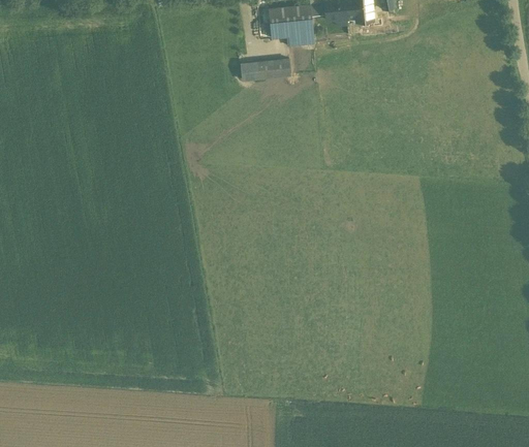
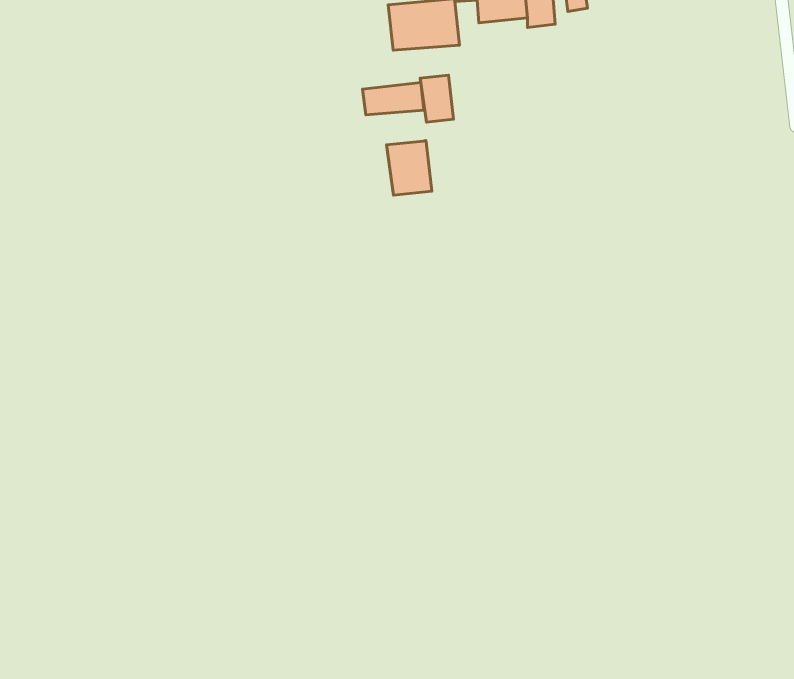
building: none -> [420,75,453,122]
building: none -> [387,141,432,195]

